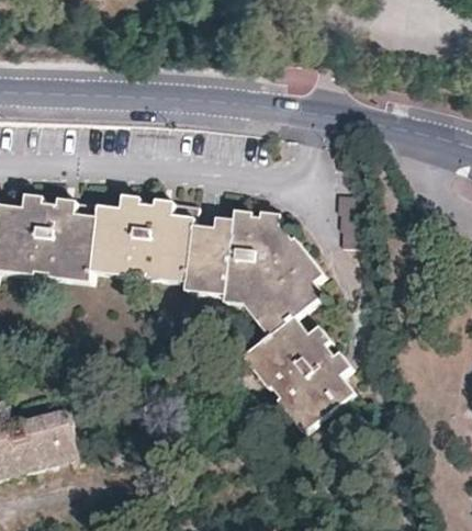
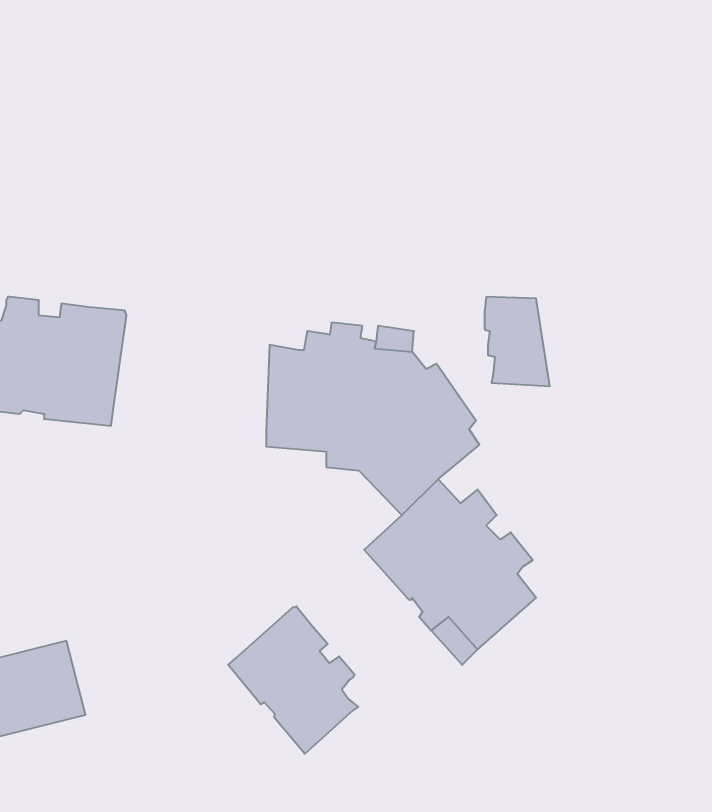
building: [86,196,188,281] -> none
building: none -> [228,606,358,754]

